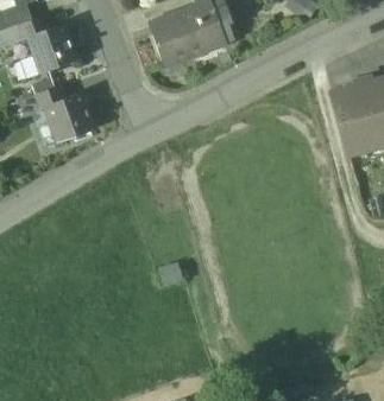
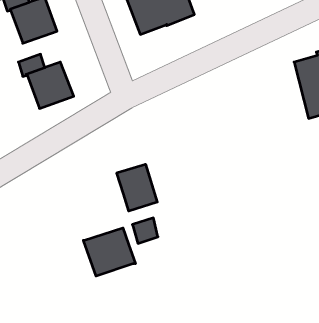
building: none -> [117,164,157,211]
building: none -> [83,228,135,276]

